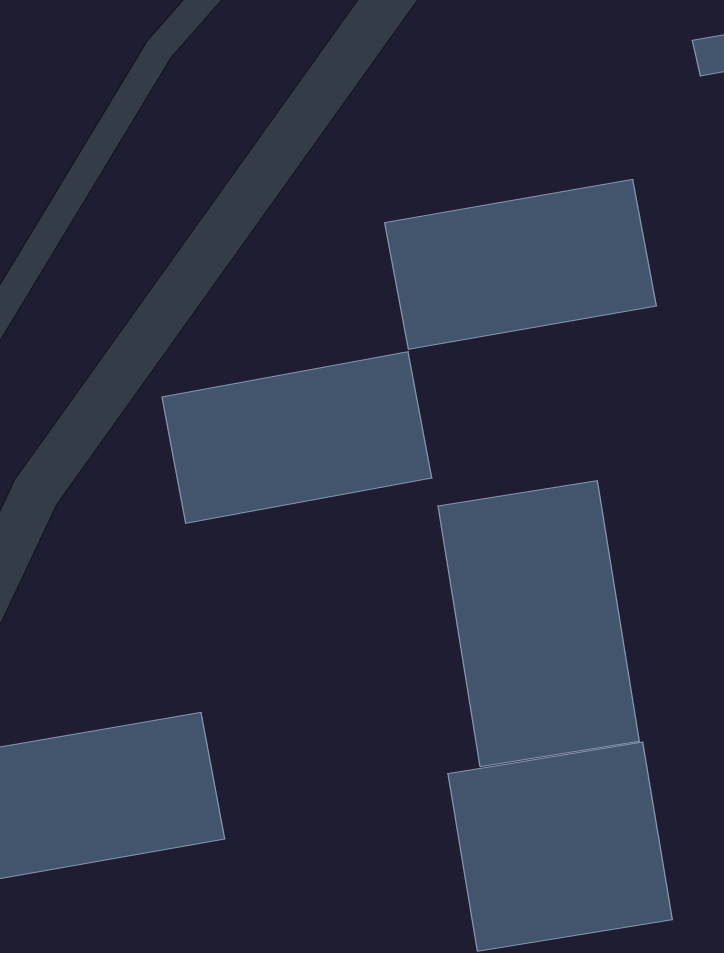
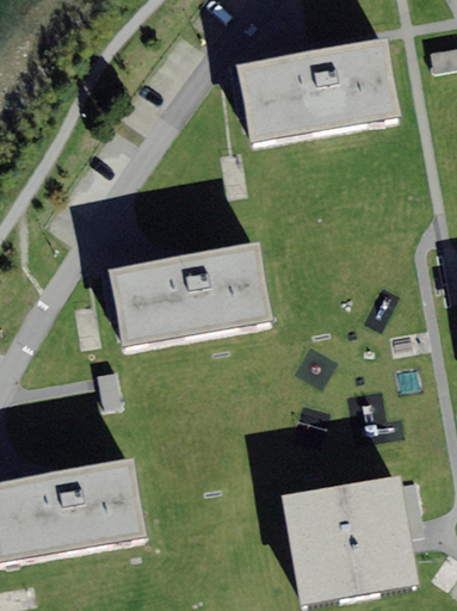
building: [385,180,657,349] -> [236,38,401,141]
building: [438,481,639,767] -> none

